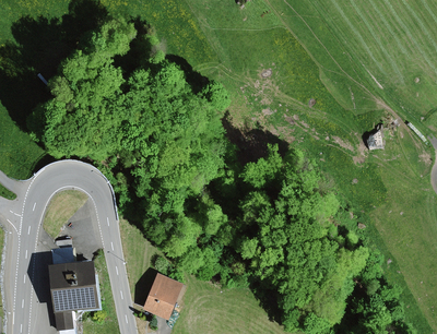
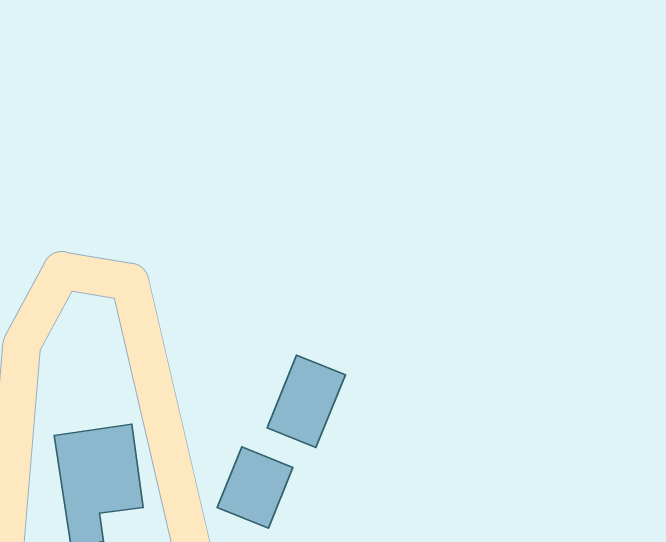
building: none -> [267,355,345,447]

